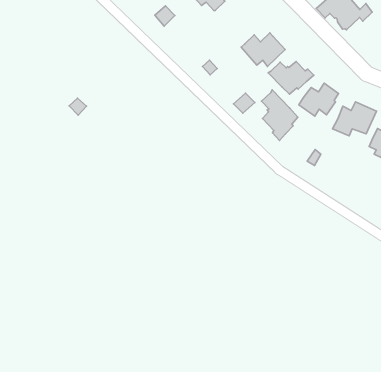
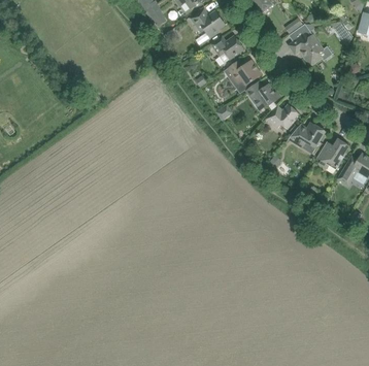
building: none -> [211,36,243,63]
building: [262,90,298,141] -> none

